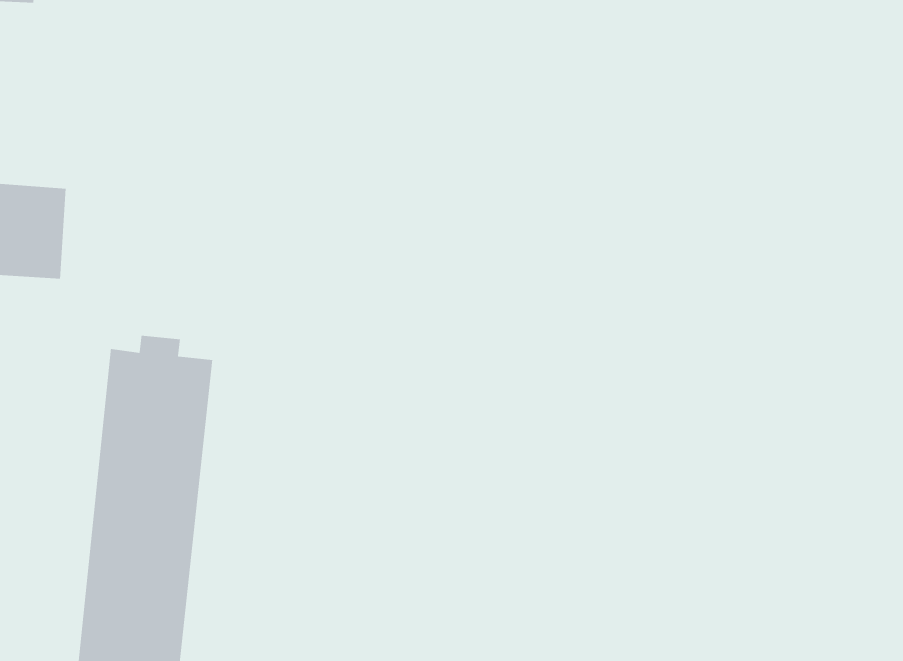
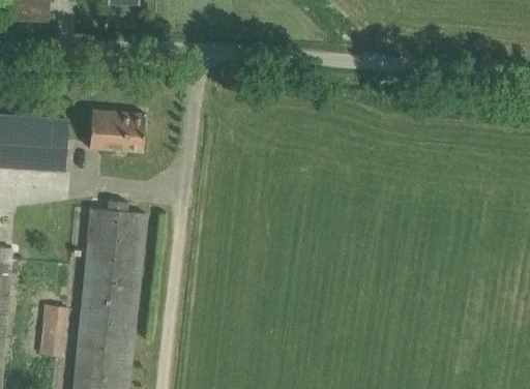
building: none -> [88,110,144,151]
building: none -> [37,305,67,357]

